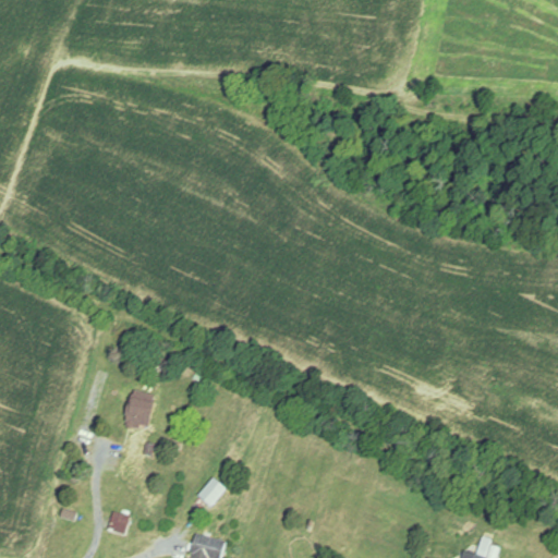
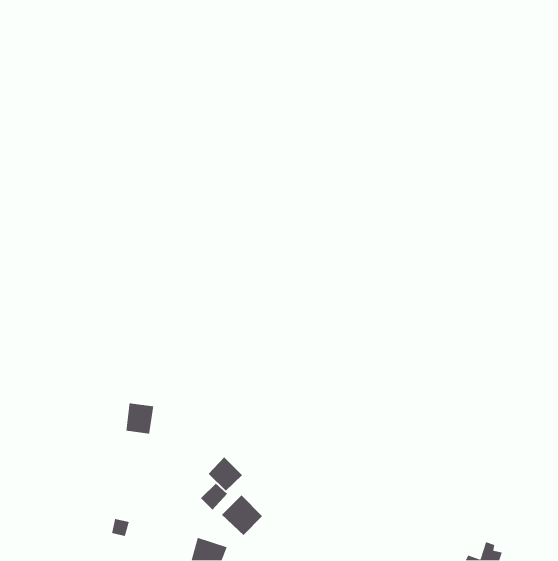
building: none -> [208,457,243,492]
building: none -> [221,494,263,536]

